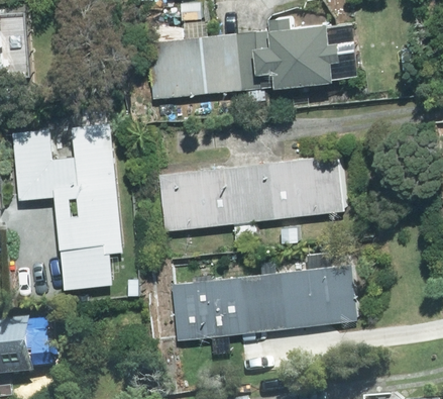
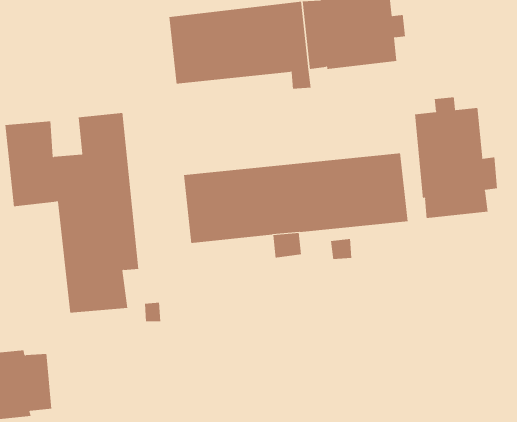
building: none -> [414,96,498,219]
building: [170,265,357,340] -> none

